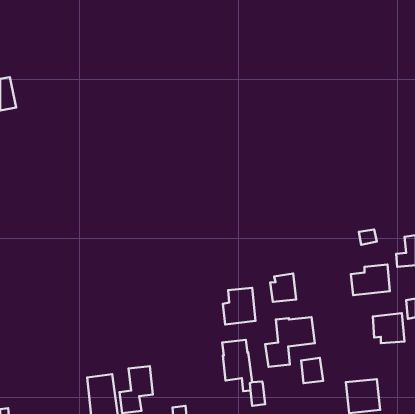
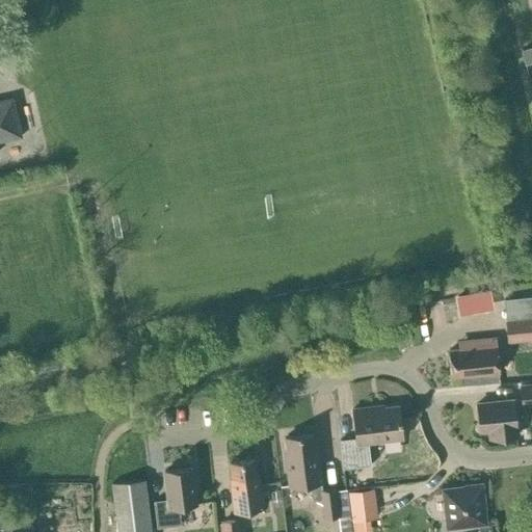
building: [270,274,296,302] -> none
building: [223,288,256,324] -> none
building: [301,358,323,383] -> [349,491,377,524]
building: none -> [230,461,263,513]

